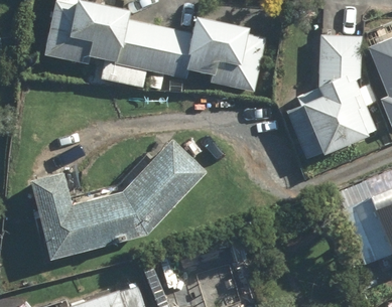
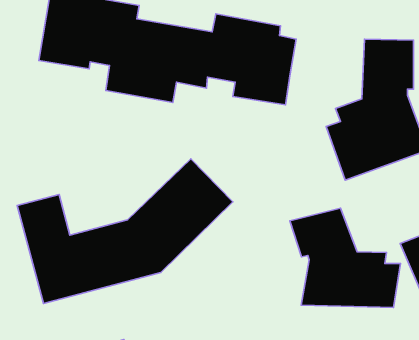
building: none -> [290,208,401,308]

